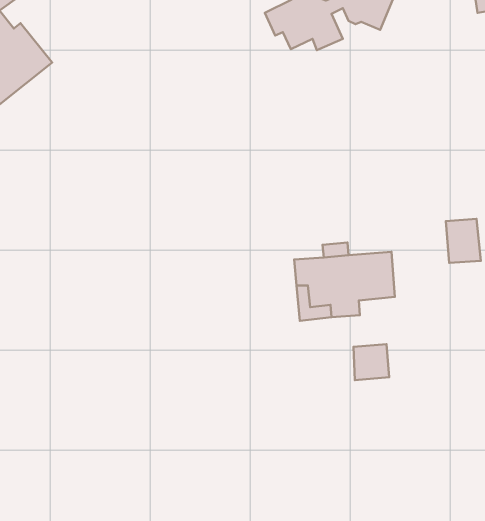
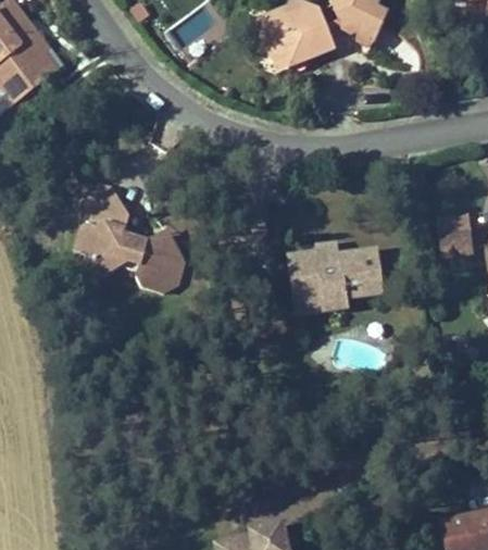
building: none -> [252,17,313,72]
building: none -> [72,179,186,289]
building: [353,344,389,380] -> none

